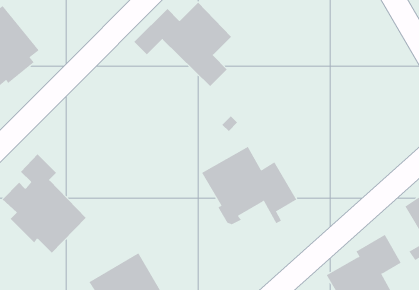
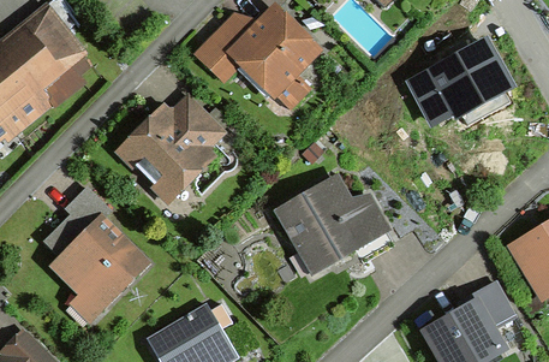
building: none -> [412,42,507,120]
building: none -> [123,105,222,196]

